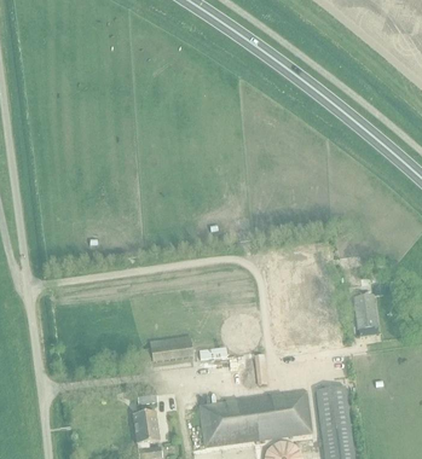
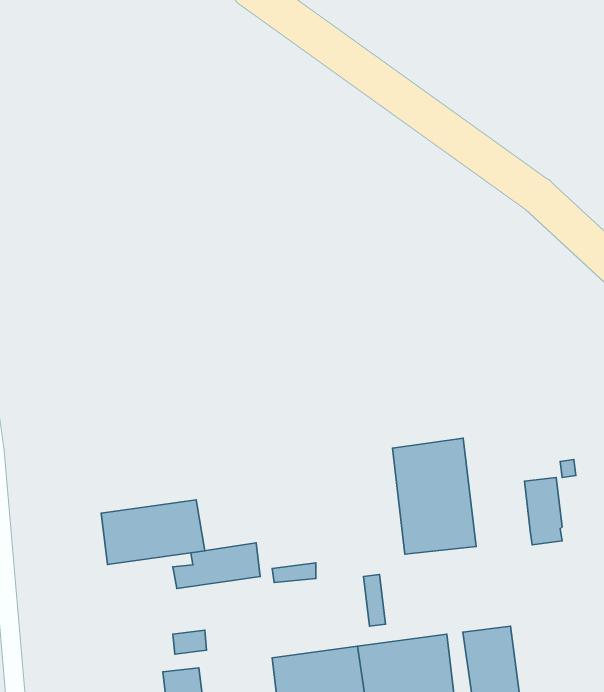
building: none -> [393,438,476,554]
building: none -> [101,500,205,565]

